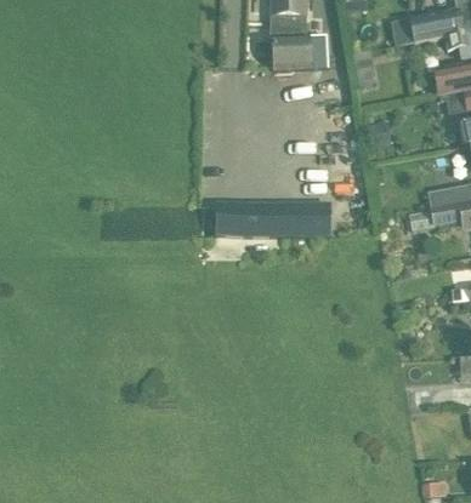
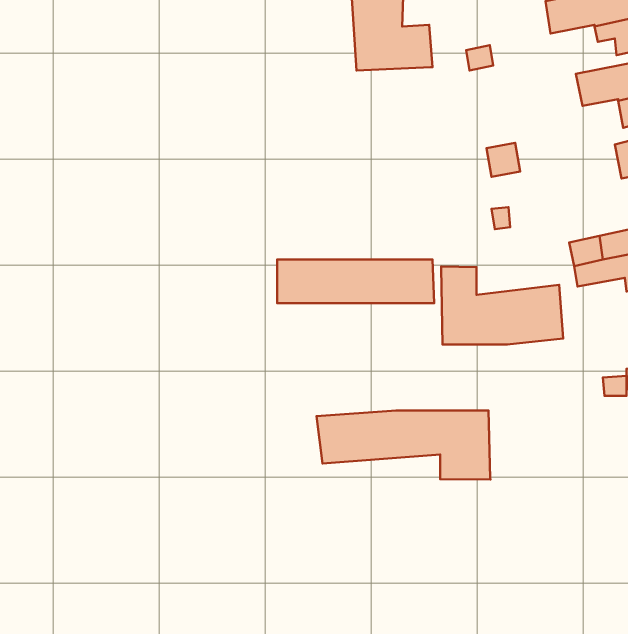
building: none -> [441,267,563,345]
building: none -> [316,411,490,480]

